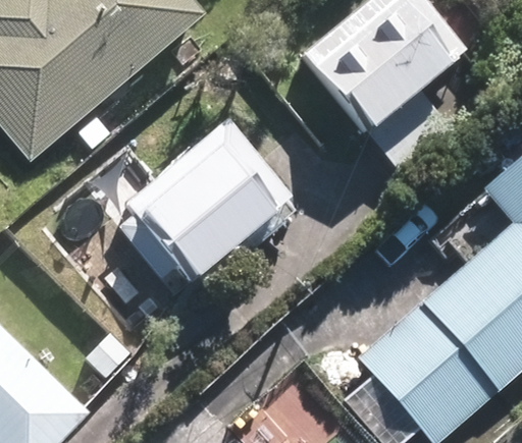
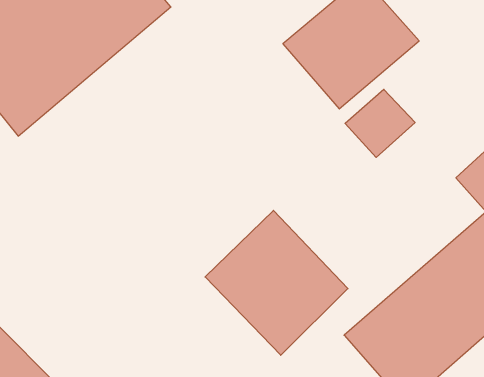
building: [125,129,277,280] -> none
building: none -> [205,210,348,355]

